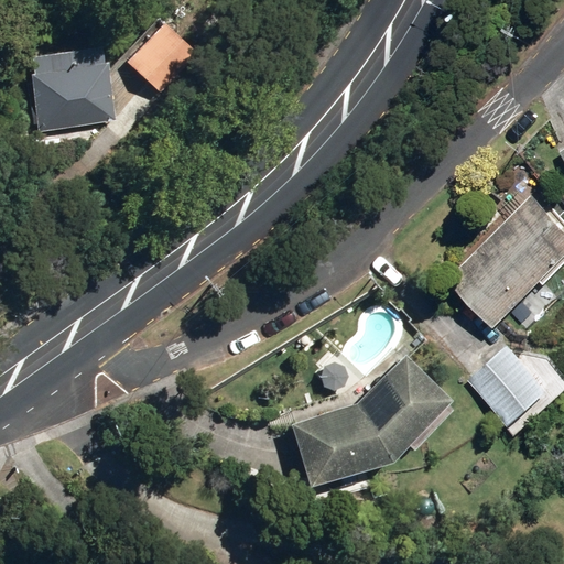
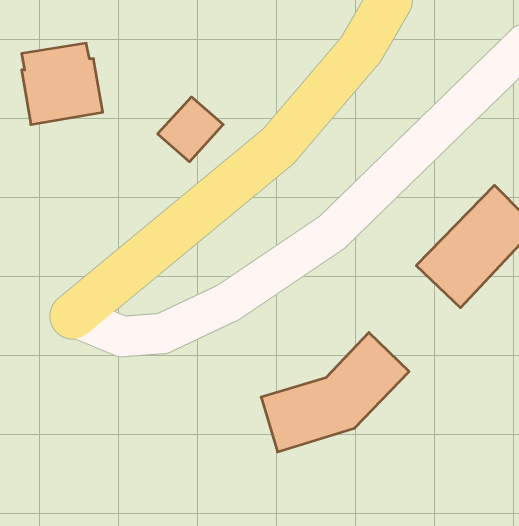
building: [128,23,198,93] -> [158,97,223,162]
building: [470,348,547,425] -> none

